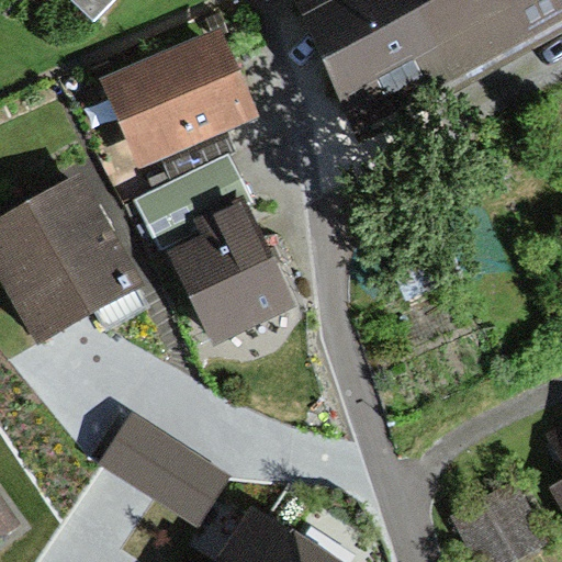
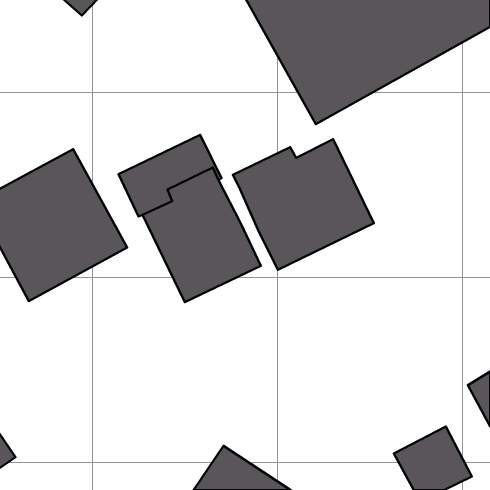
building: [99,25,258,169] -> none
building: none -> [233,139,374,270]
building: [99,411,229,522] -> none

